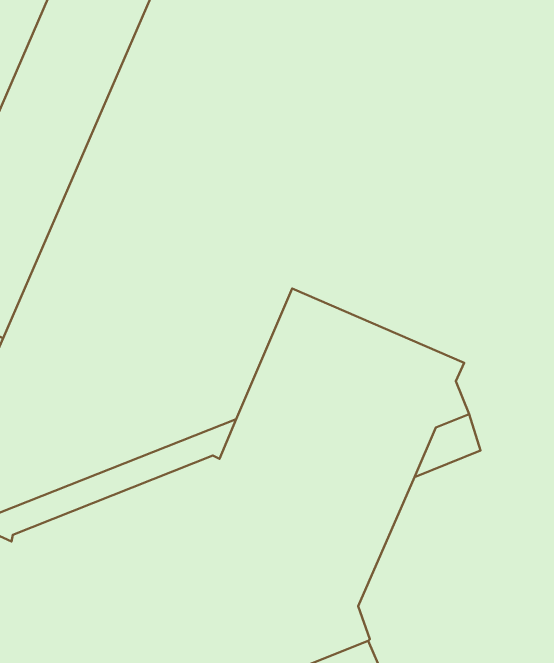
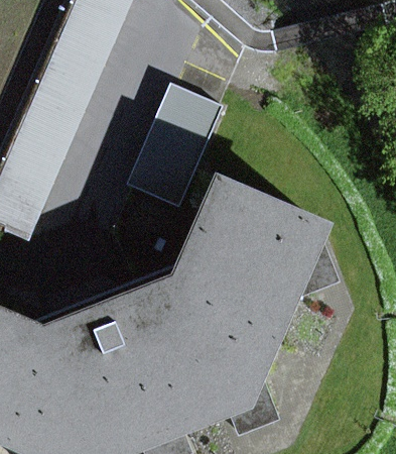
building: none -> [127,82,223,205]

